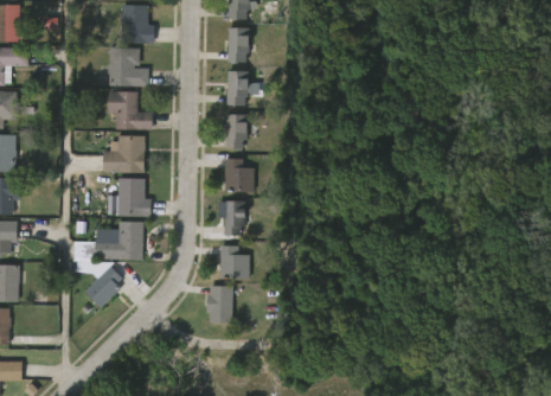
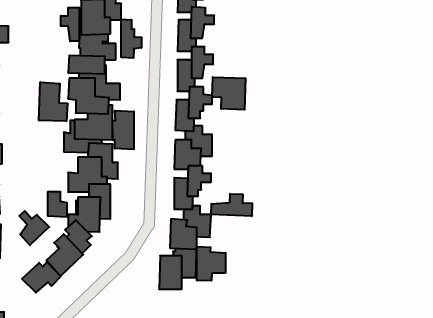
building: none -> [61,8,79,41]
building: none -> [121,19,142,58]
building: none -> [212,77,246,110]
building: none -> [39,82,67,121]
building: none -> [113,111,134,149]
building: none -> [211,194,252,216]
building: none -> [19,211,49,245]
building: none -> [197,247,226,281]
building: none -> [22,262,61,293]

